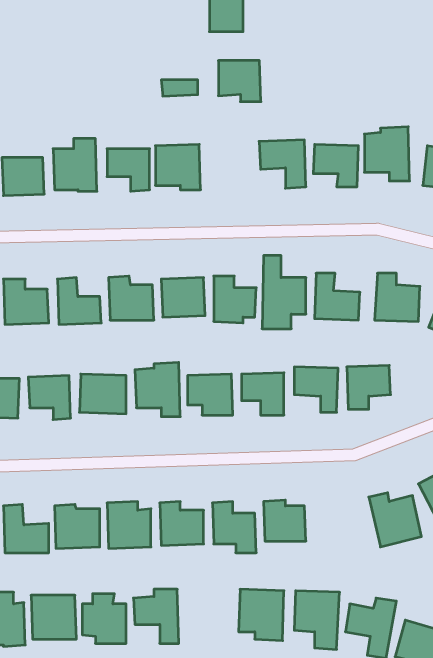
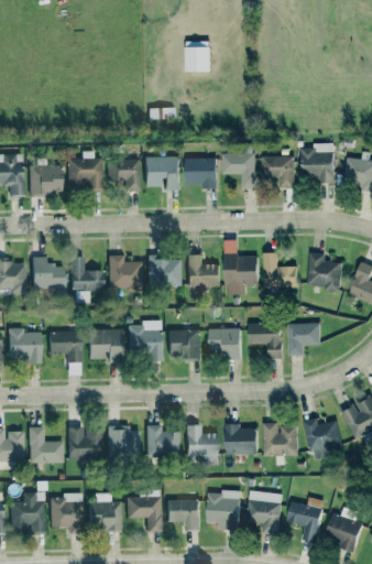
building: [218,61,261,102] -> [185,159,217,189]
building: none -> [265,423,299,456]
building: none -> [167,500,200,530]

